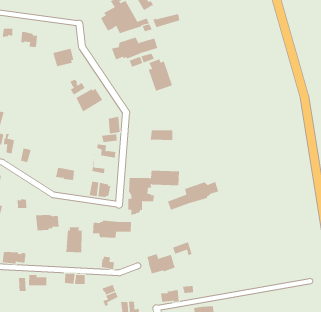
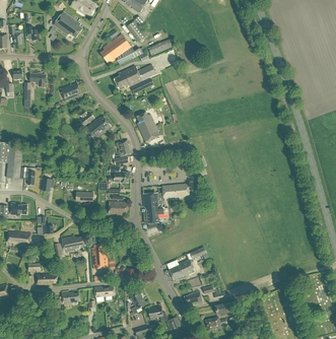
building: [148,58,173,91] -> [135,112,159,142]
building: [167,181,219,211] -> none
building: [92,220,132,239] -> none

